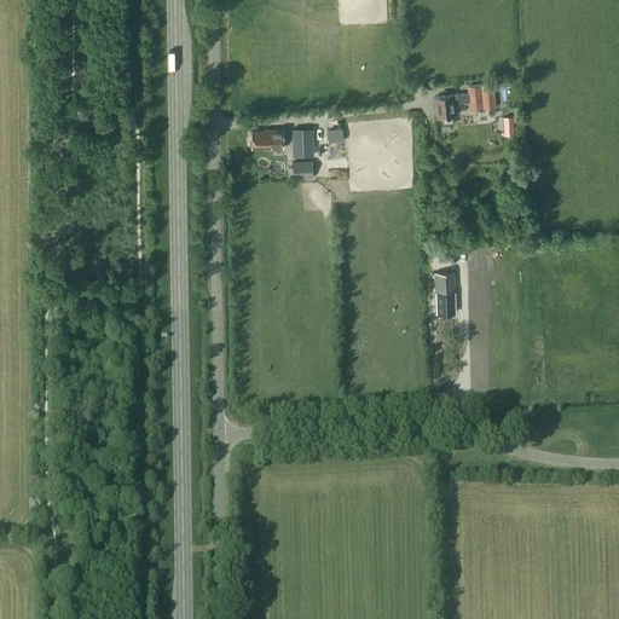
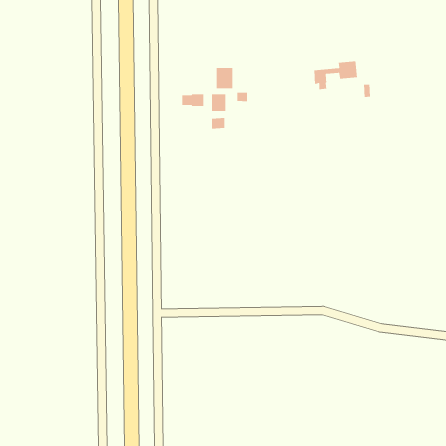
building: none -> [216,67,233,89]
building: [435,273,455,314] -> none

